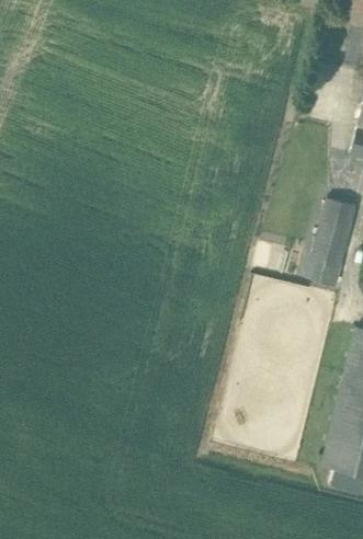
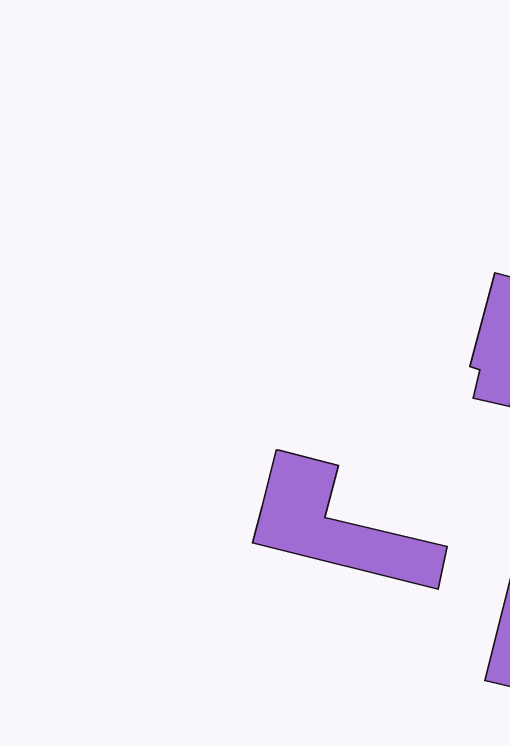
building: none -> [253,450,447,589]

